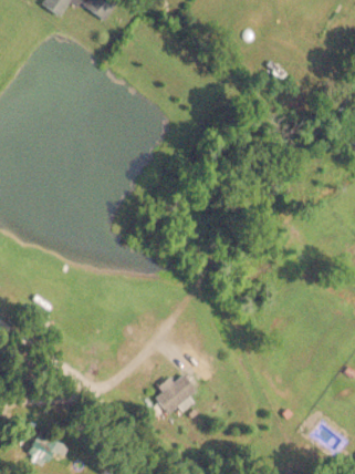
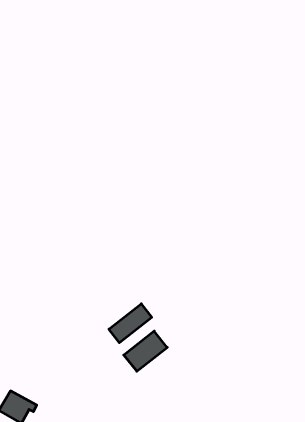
building: none -> [109,304,152,343]

